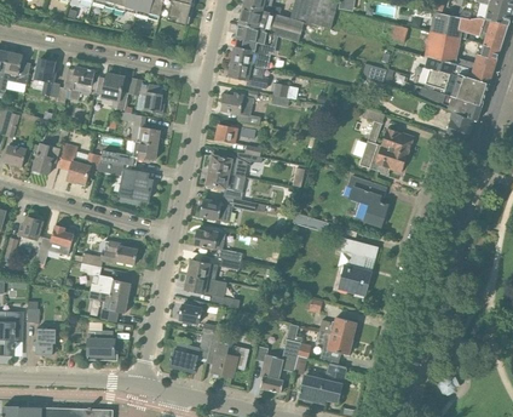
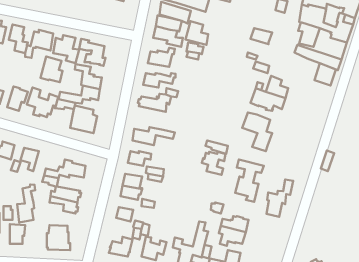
building: none -> [186,21,208,45]
building: none -> [40,57,62,82]
building: [207,168,246,200] -> none
building: none -> [202,152,225,175]
building: none -> [266,179,293,217]
building: none -> [17,185,35,222]

